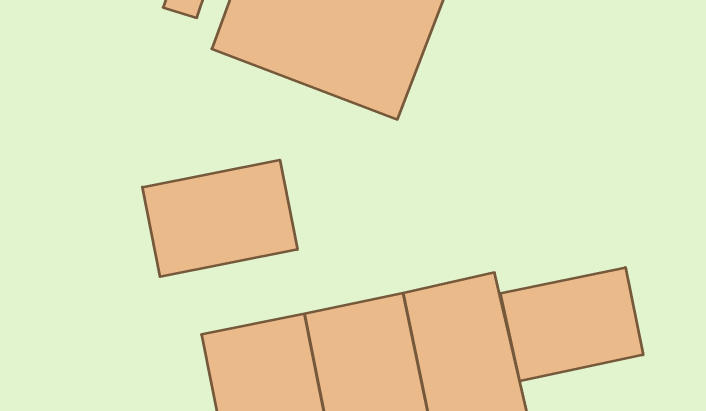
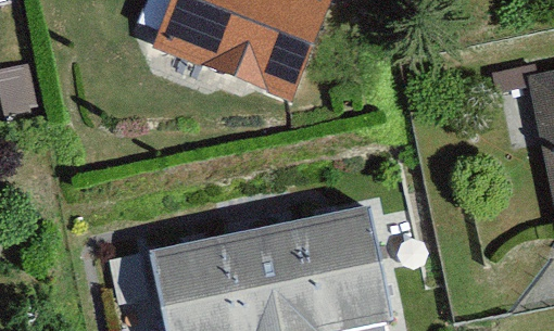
building: [142,160,297,277] -> none
building: [500,267,643,381] -> none

